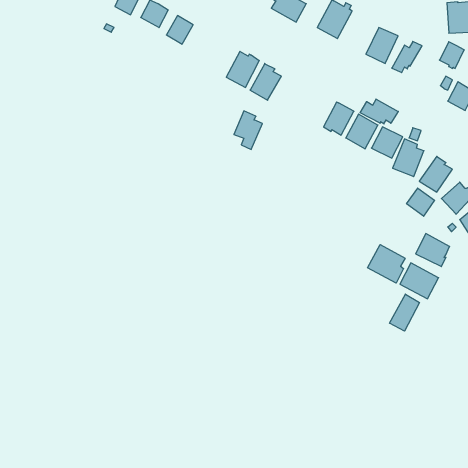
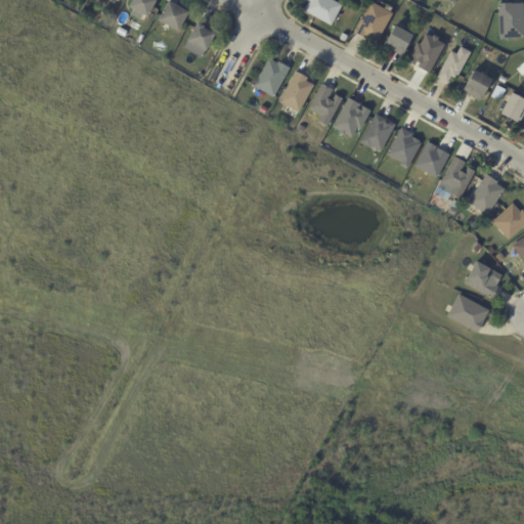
building: none -> [385,25,413,54]
building: [439,42,464,68] -> [465,70,492,99]
building: none -> [334,97,370,136]
building: [360,99,398,124] -> none
building: [234,111,262,149] -> [310,82,342,125]
building: [407,188,435,216] -> none
building: [368,245,405,283] -> none
building: [390,294,419,331] -> none

